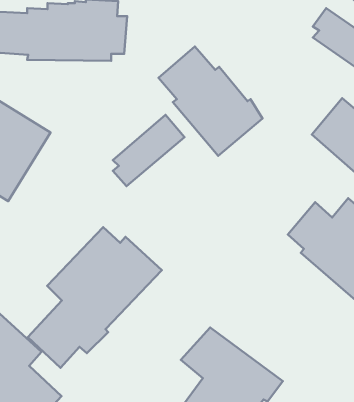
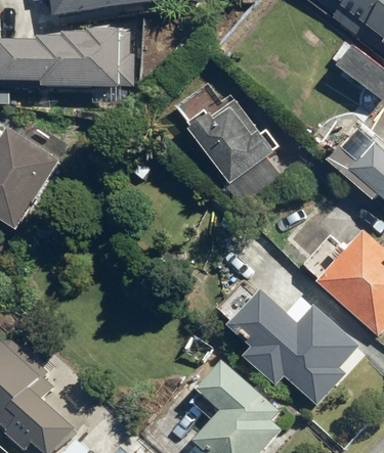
building: [113,115,184,186] -> none
building: [28,227,162,368] -> none
building: none -> [213,274,358,405]

